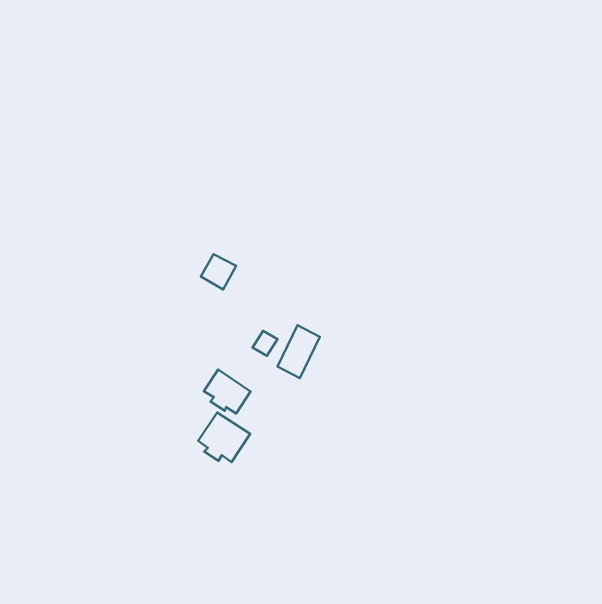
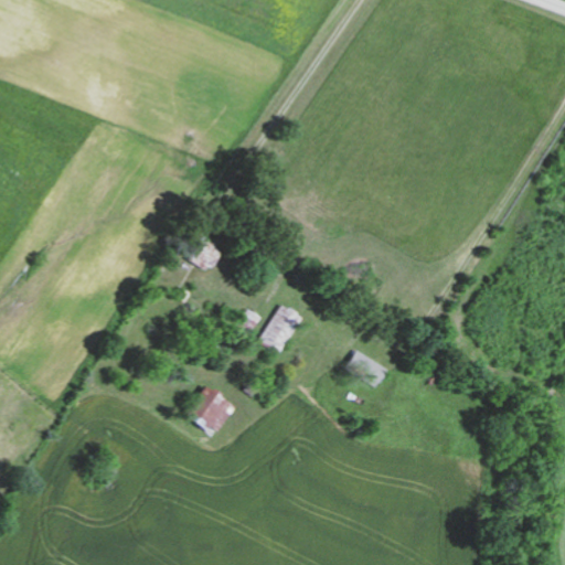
building: [204,369,251,413] -> none
building: none -> [344,351,385,384]

